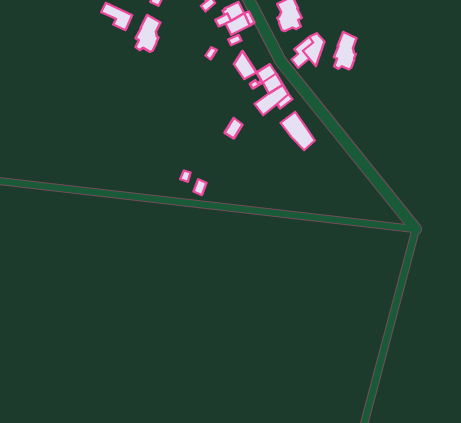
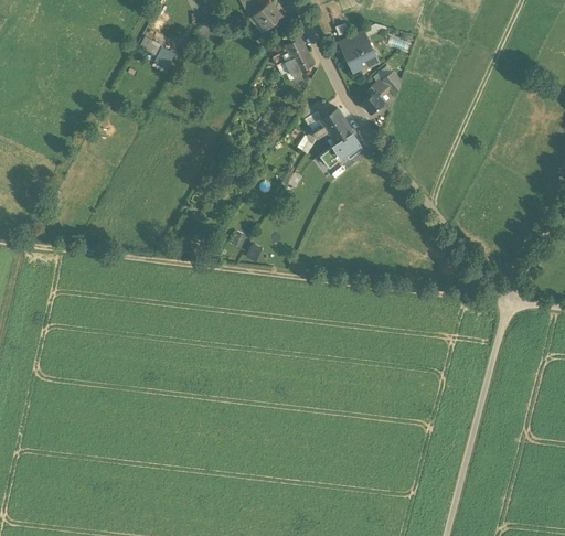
building: [135,15,160,52] -> none
building: [334,32,357,69] -> none
building: [281,112,315,150] -> none

